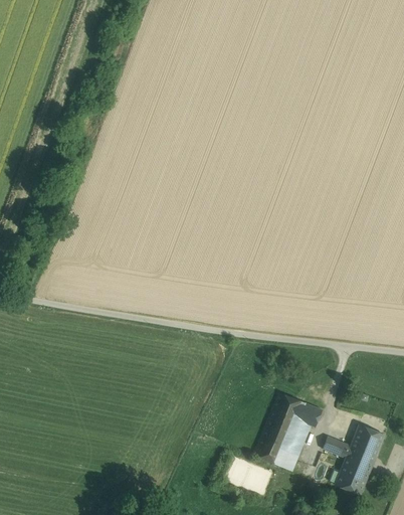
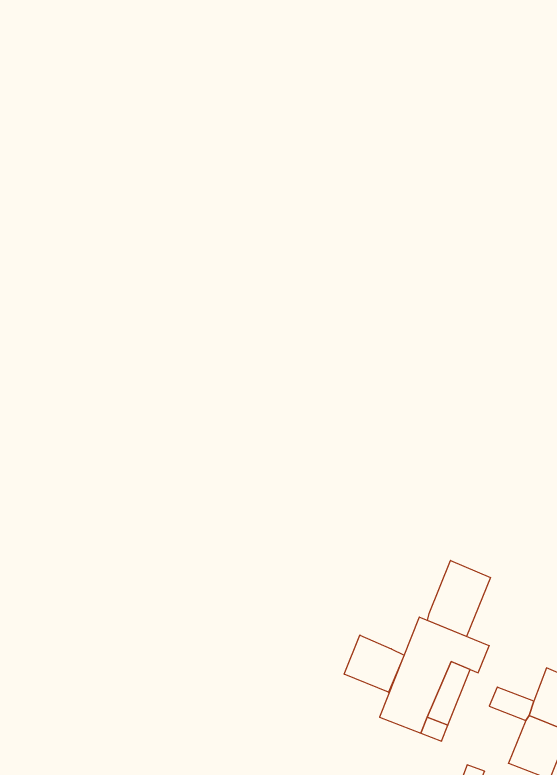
building: none -> [428,560,491,636]
building: none -> [344,635,404,692]

